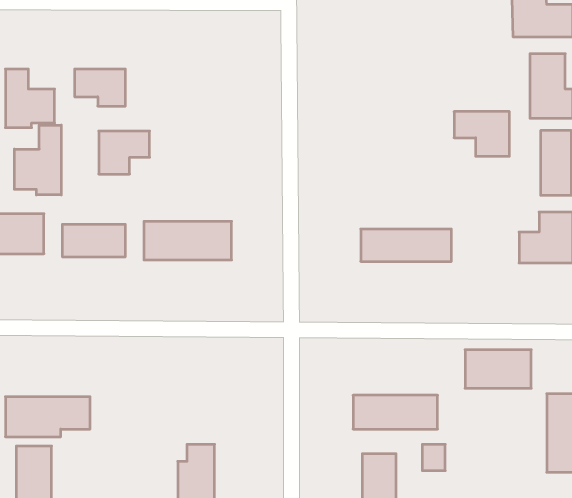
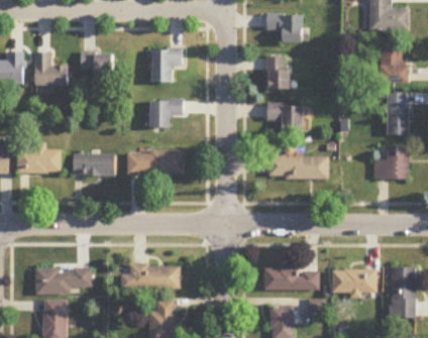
building: none -> [266,14,304,43]
building: none -> [152,49,184,83]
building: none -> [266,58,290,91]
building: [454,112,509,156] -> [266,104,303,133]
building: [14,125,61,195] -> none
building: [99,131,150,174] -> [150,100,184,128]
building: [465,350,531,388] -> [332,268,376,294]
building: none -> [121,263,180,290]

